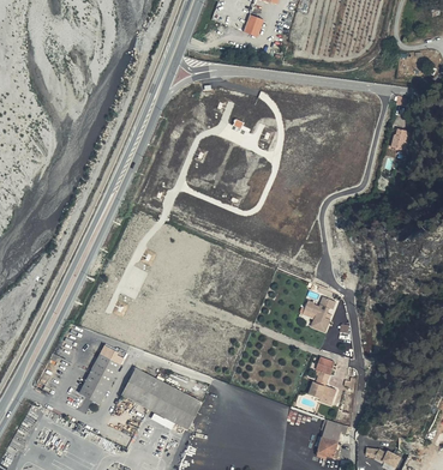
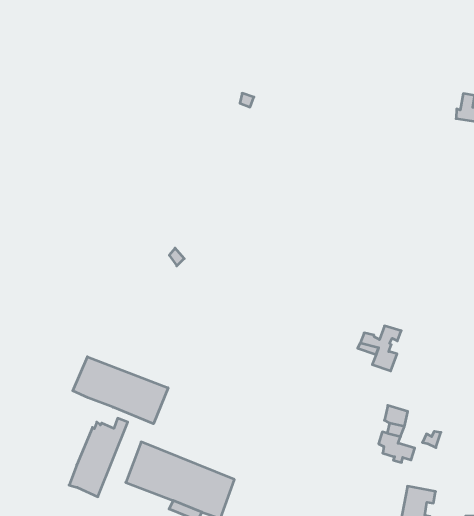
building: none -> [73,357,168,424]

